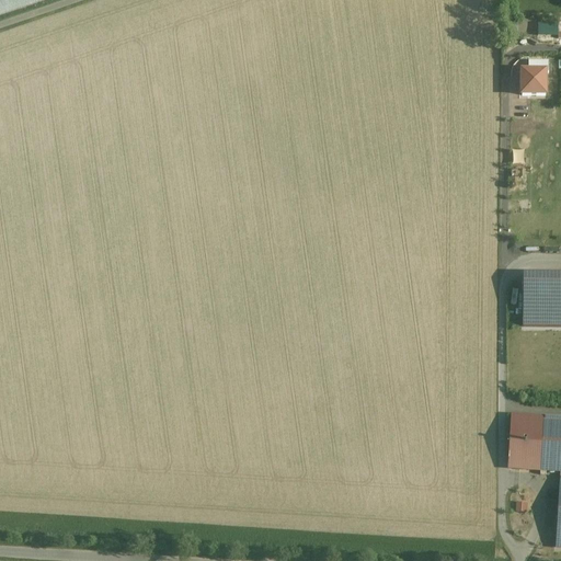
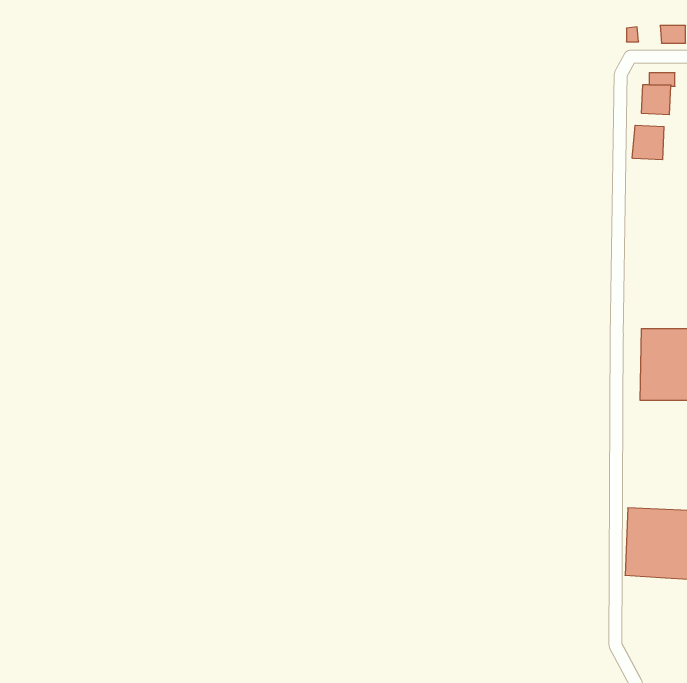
building: none -> [632,125,664,160]

